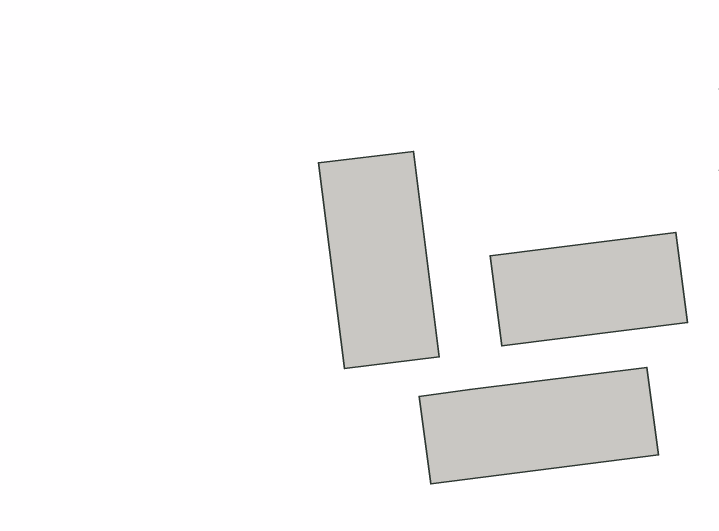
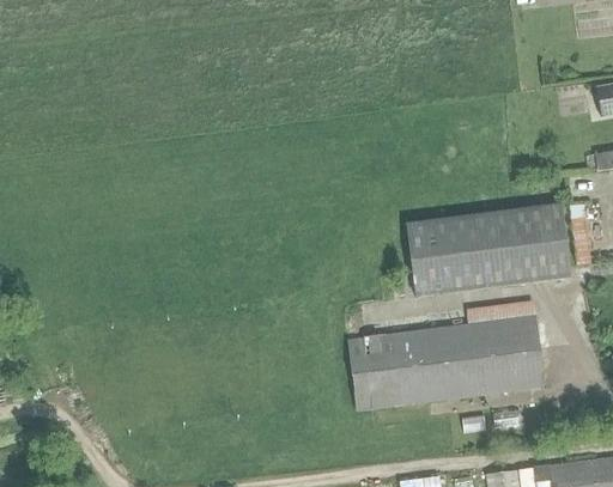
building: [319,151,439,368] -> none

